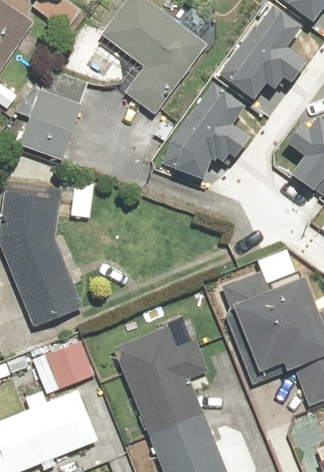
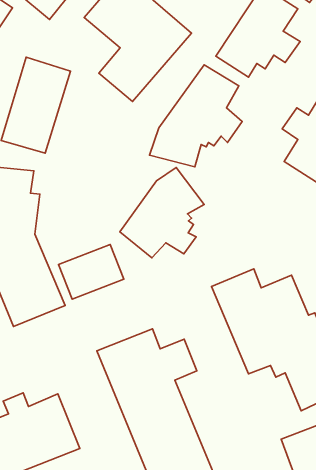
building: none -> [120,168,204,258]
building: [32,343,95,396] -> [59,245,124,299]

